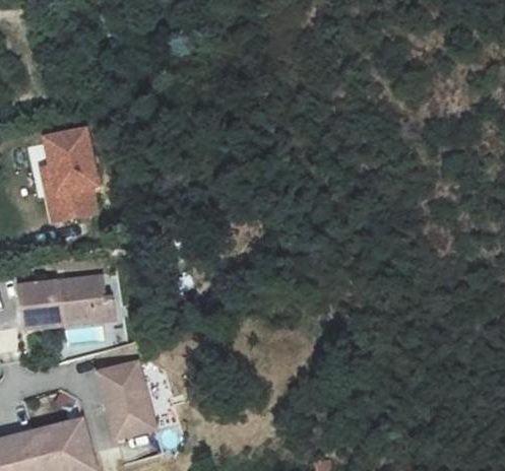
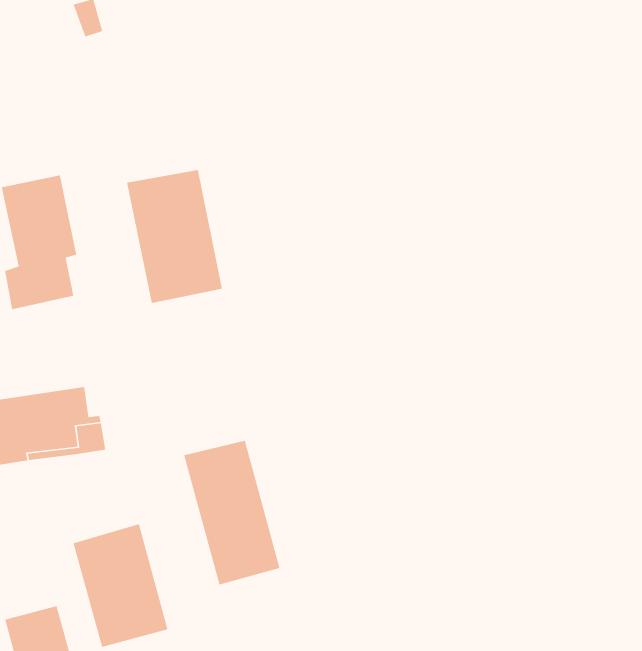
building: none -> [126,169,223,304]
building: none -> [183,440,280,585]

